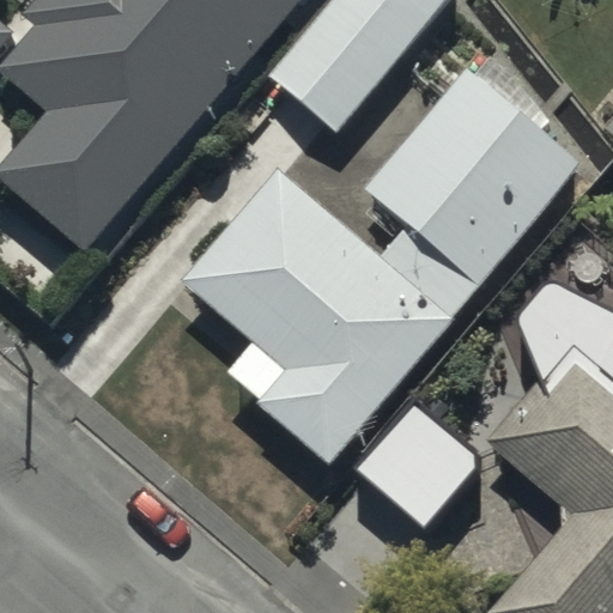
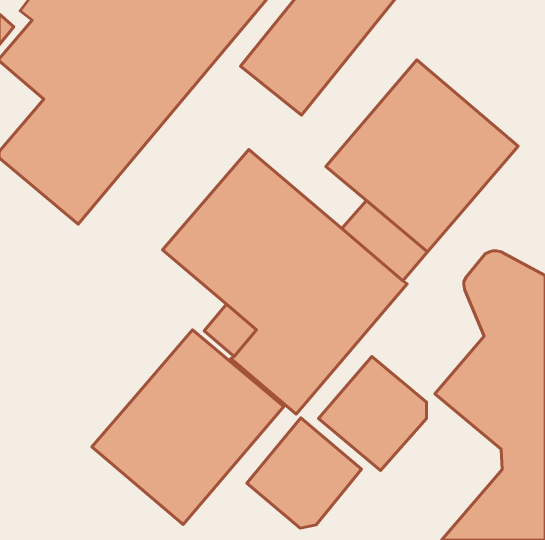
building: none -> [92,330,284,525]
building: none -> [247,418,362,528]

